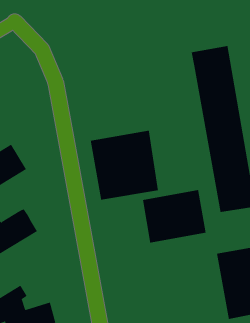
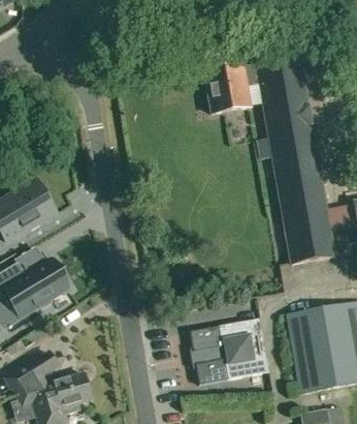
building: none -> [204,65,259,113]
building: [90,130,158,201] -> none
building: [142,190,206,243] -> [190,319,268,384]

